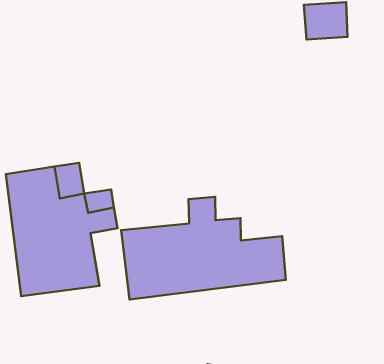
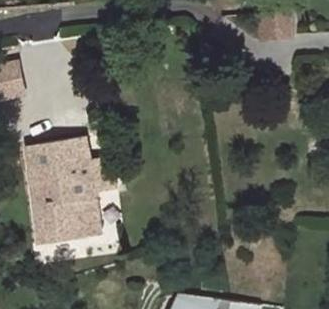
building: [121,197,286,299] -> none

